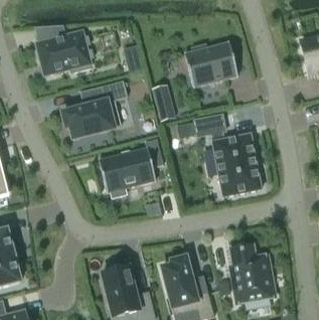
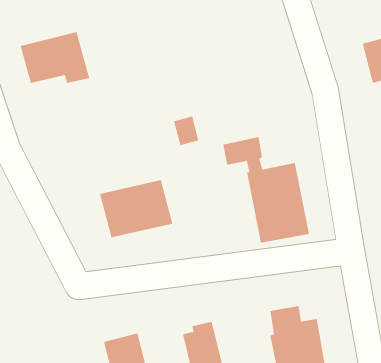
building: [184,42,237,87] -> none
building: [60,81,128,139] -> none

